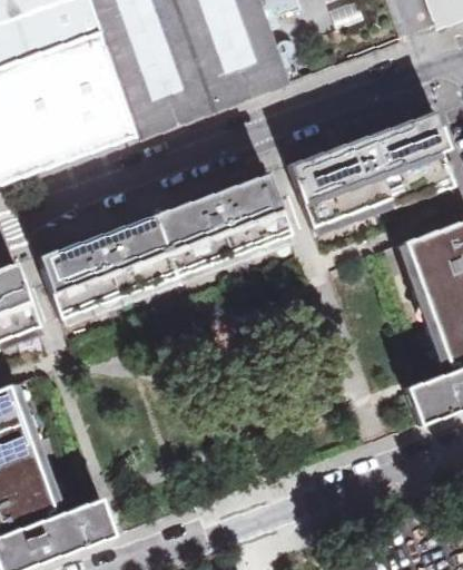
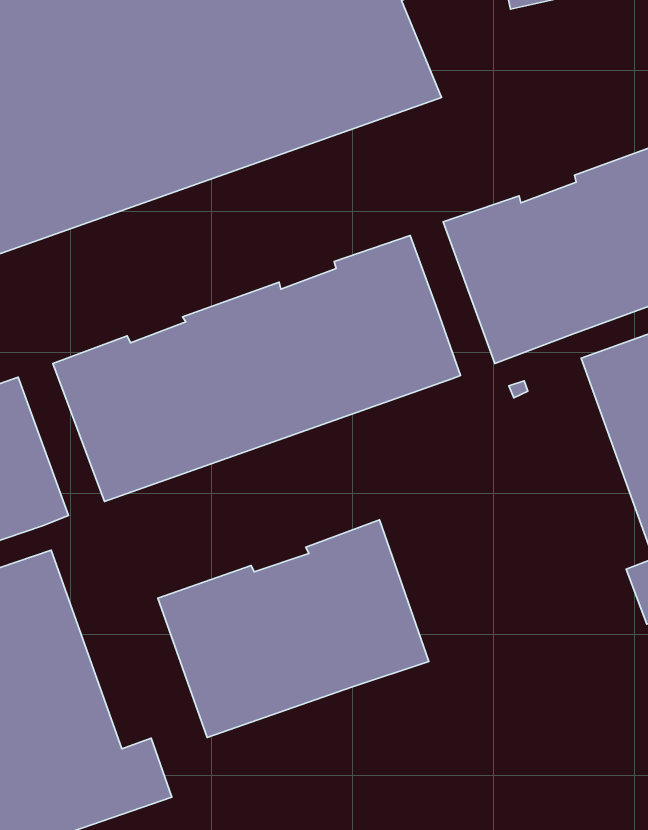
building: none -> [158,520,429,737]

